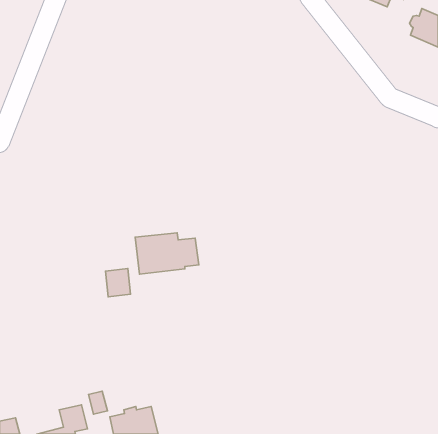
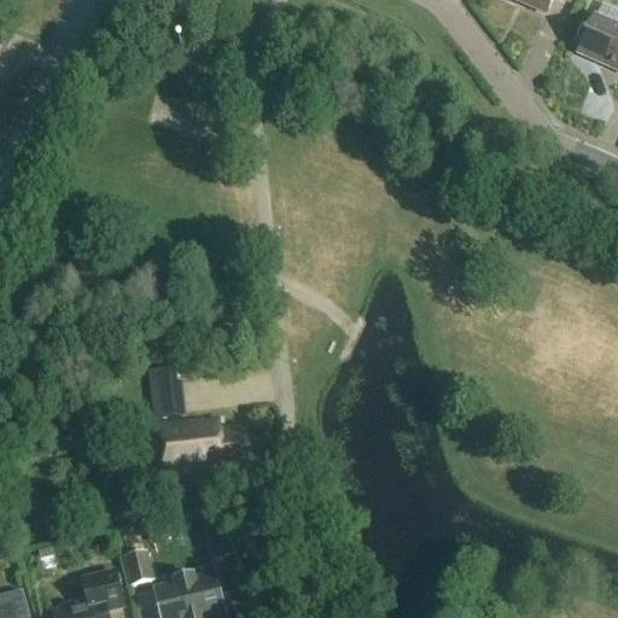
building: [135,233,199,274] -> [158,416,247,474]

